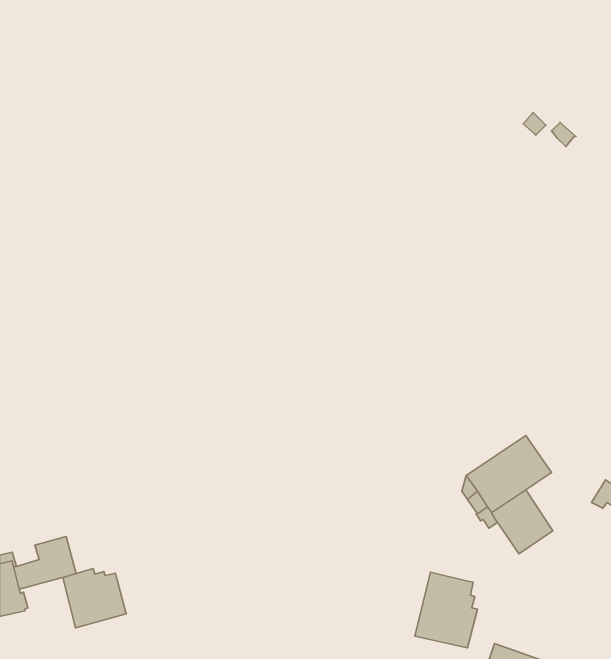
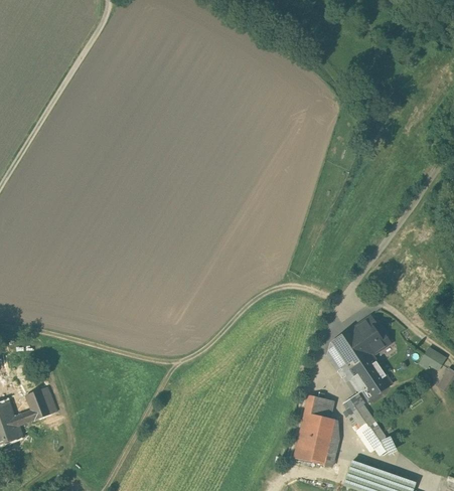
building: none -> [342,389,392,454]
building: none -> [305,393,334,418]
building: [63,569,126,628] -> none

